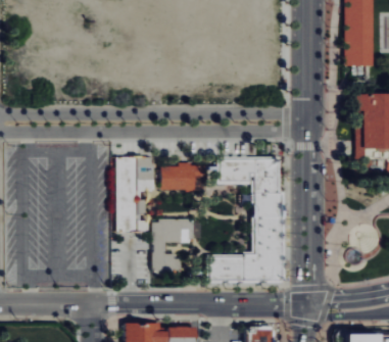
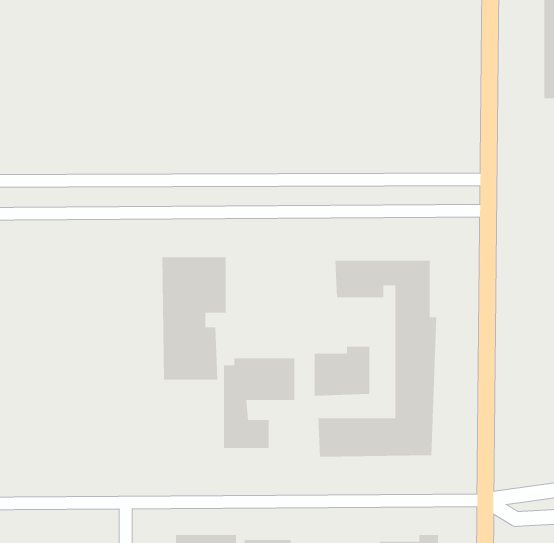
building: [160,163,194,193] -> [314,346,370,396]

